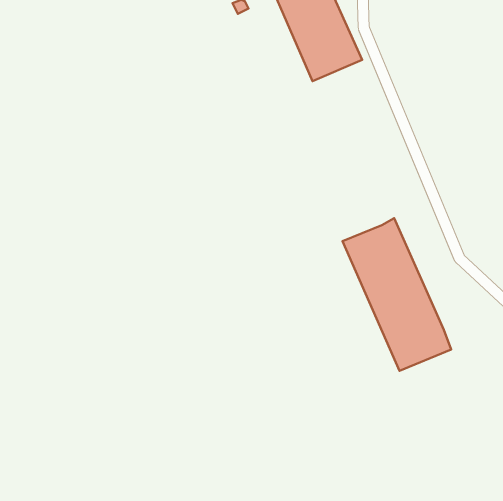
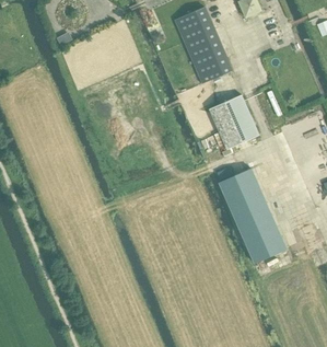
building: none -> [209,95,259,150]

